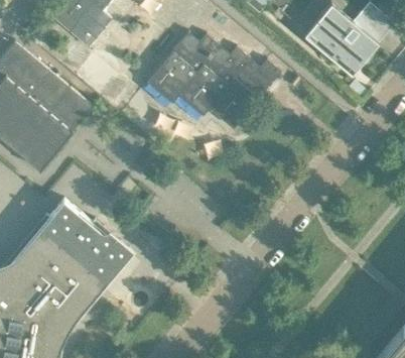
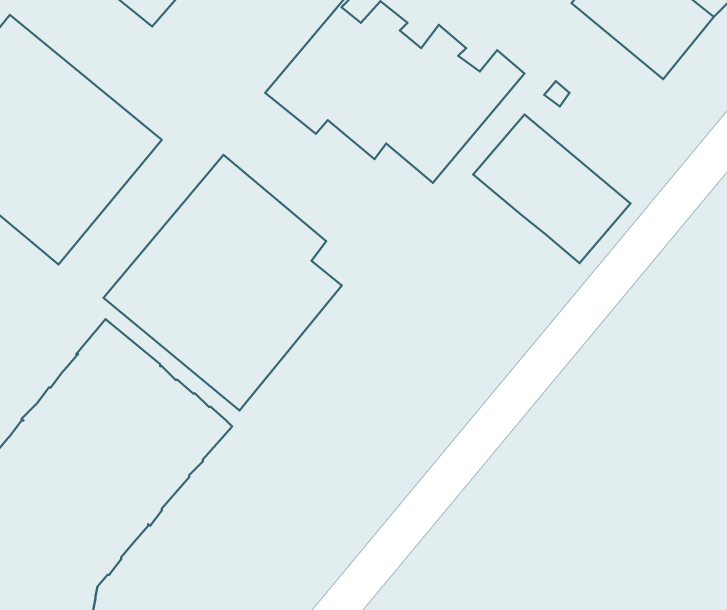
building: none -> [473,115,631,263]
building: none -> [104,155,342,411]

